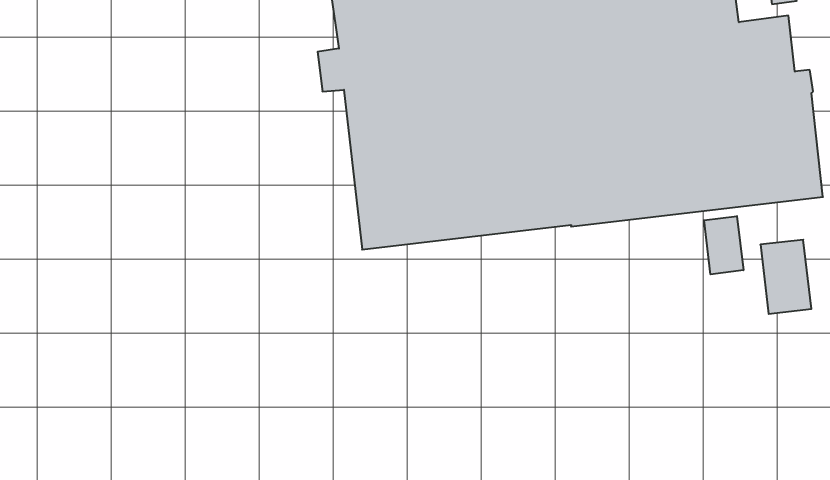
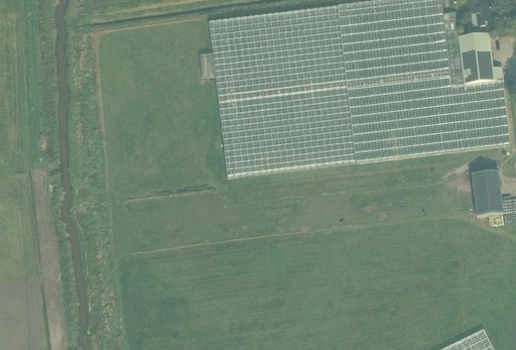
building: [704,216,743,274] -> none

